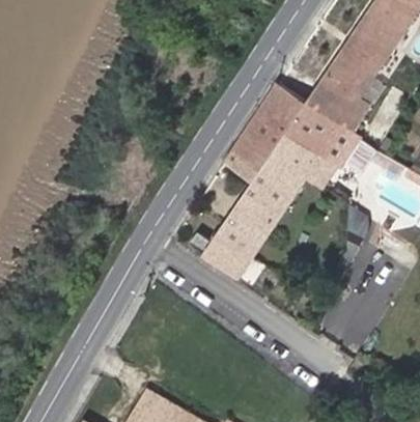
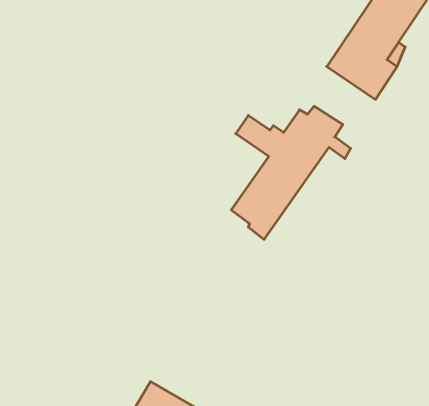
building: [235,84,352,177] -> none
building: [190,233,250,282] -> none

